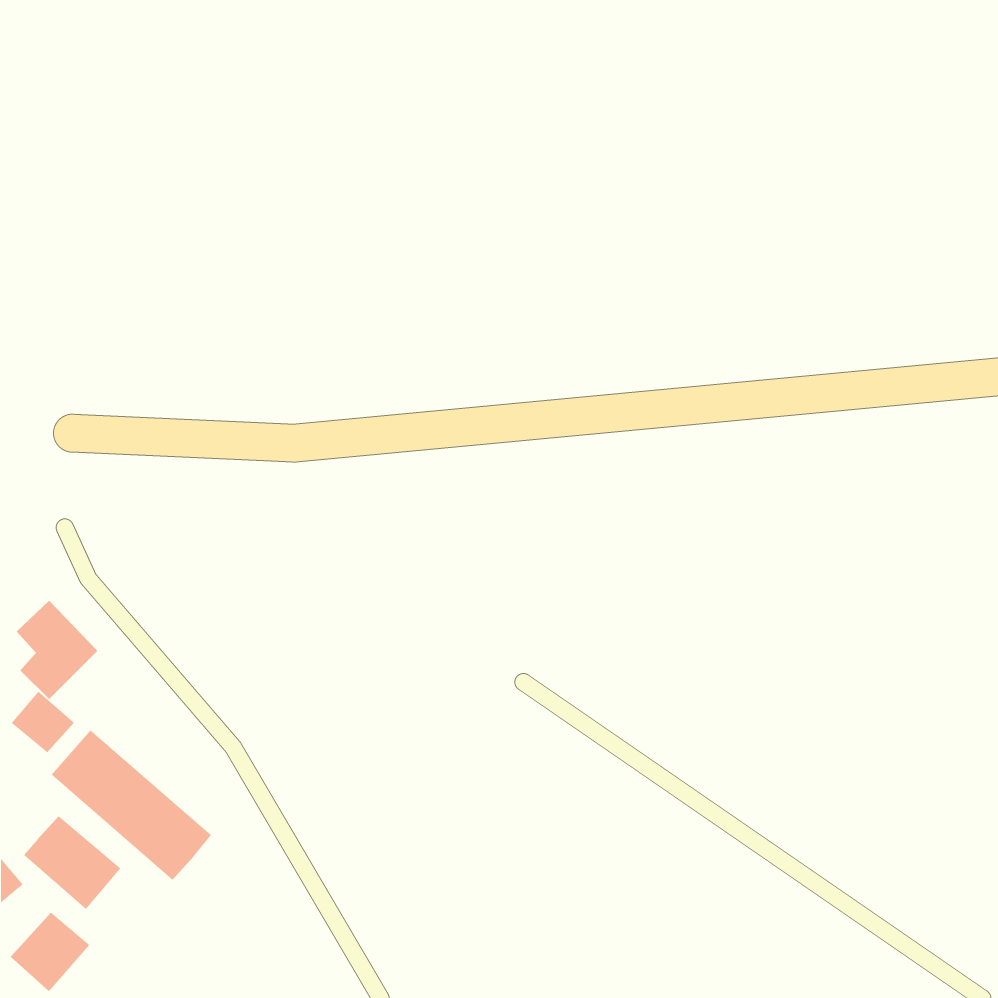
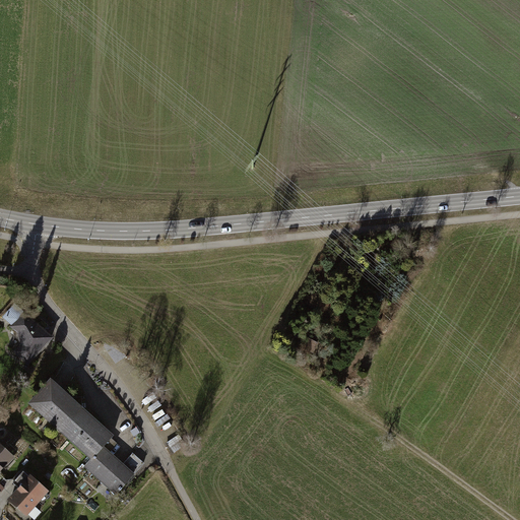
building: [11,691,75,753] -> none
building: [23,816,121,910] -> [84,444,135,493]

